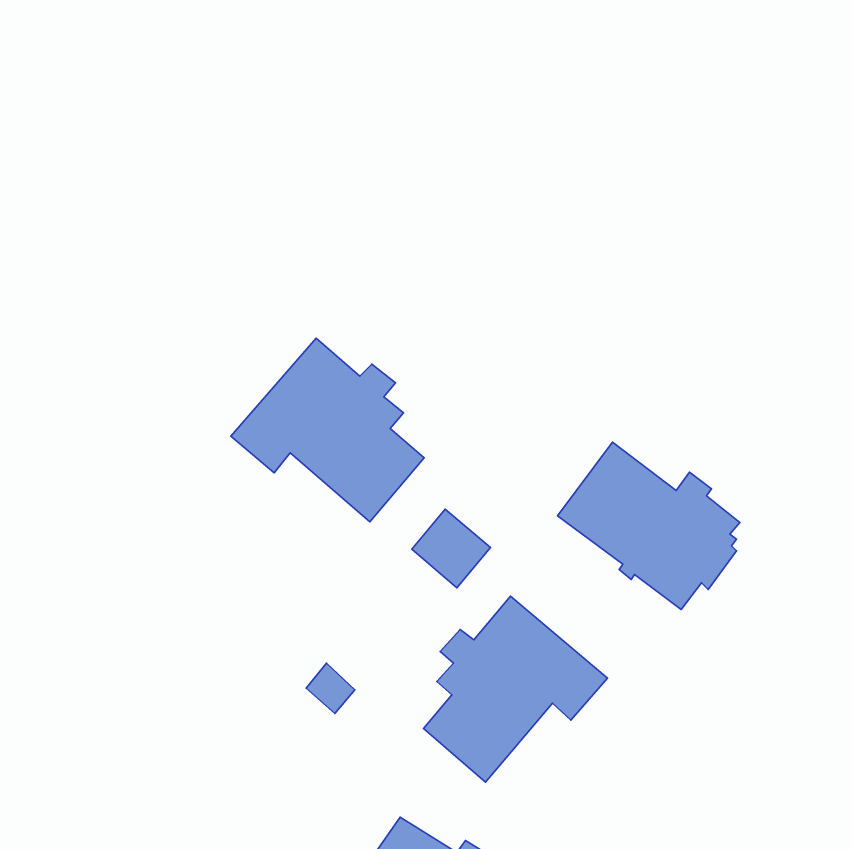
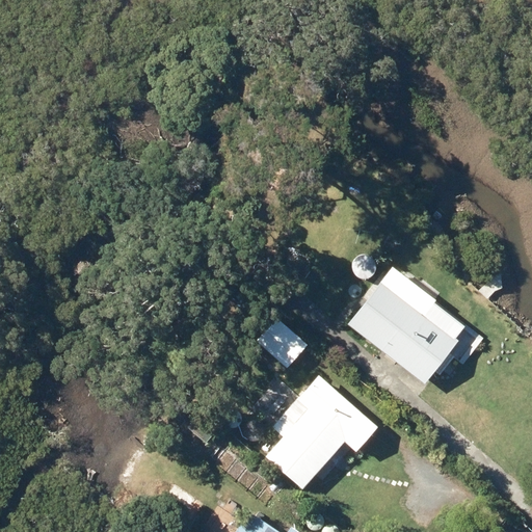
building: [231,338,424,522] -> none

